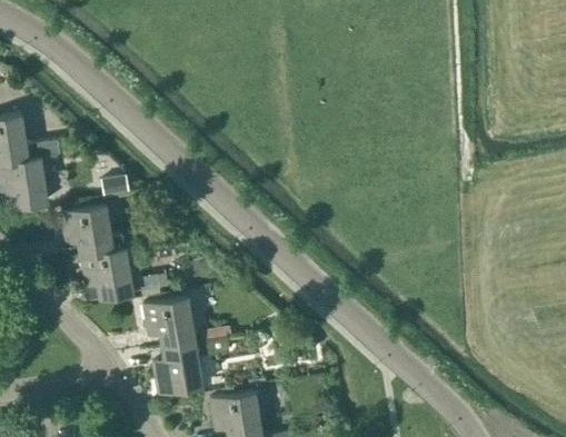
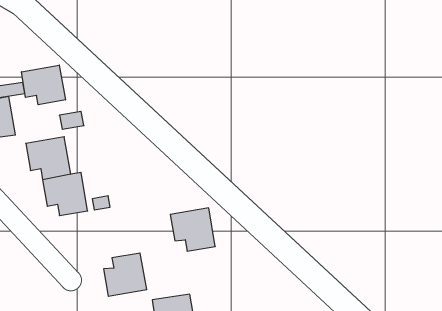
building: none -> [22,65,65,105]
building: [142,298,196,349] -> [170,208,215,251]

